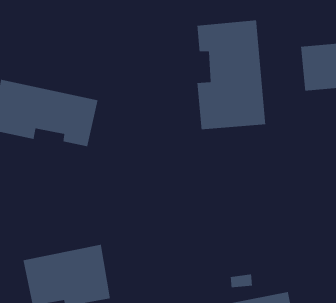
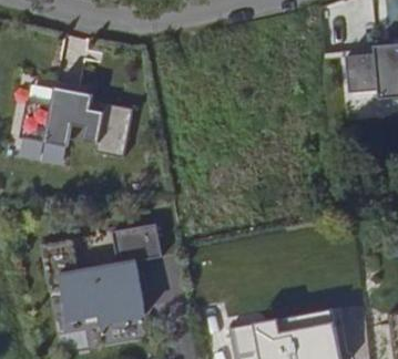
building: [197,19,266,130] -> none
building: none -> [112,223,161,258]

